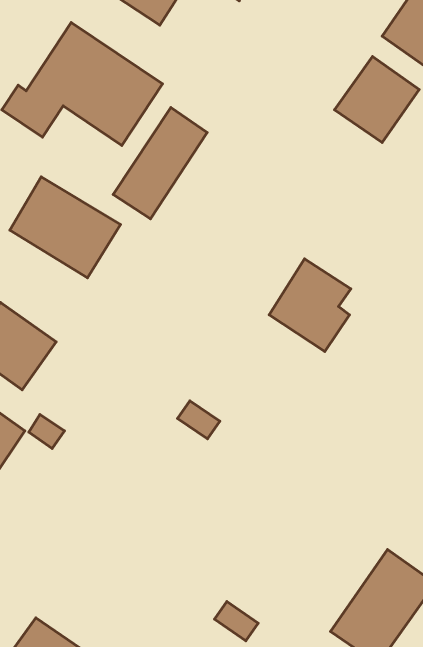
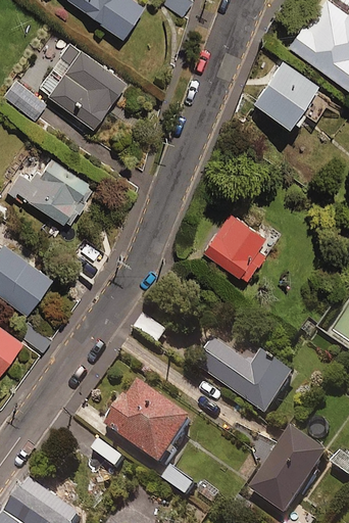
building: [113,108,207,219] -> none
building: none -> [197,343,295,417]
building: none -> [107,382,195,467]

